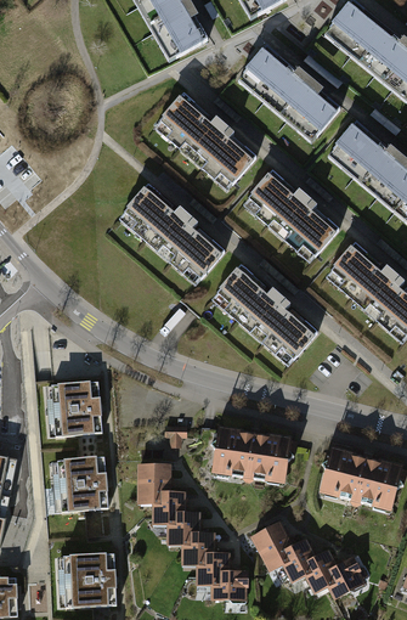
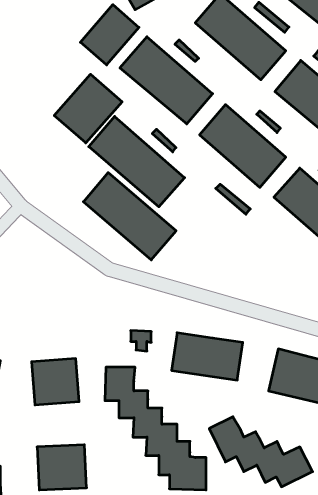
building: none -> [80,5,139,65]
building: none -> [54,74,122,143]
building: [213,266,317,365] -> [83,173,176,260]
building: [45,382,100,434] -> none

